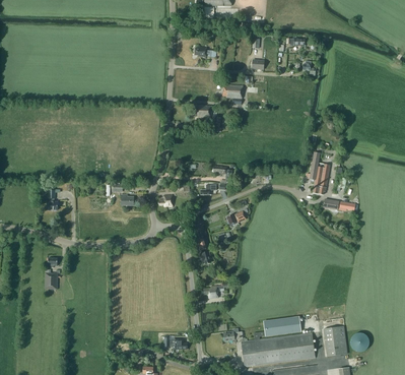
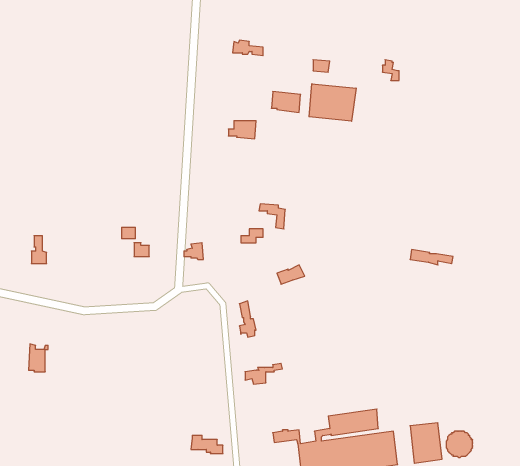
building: none -> [309,84,356,121]
building: [310,152,330,194] -> none

